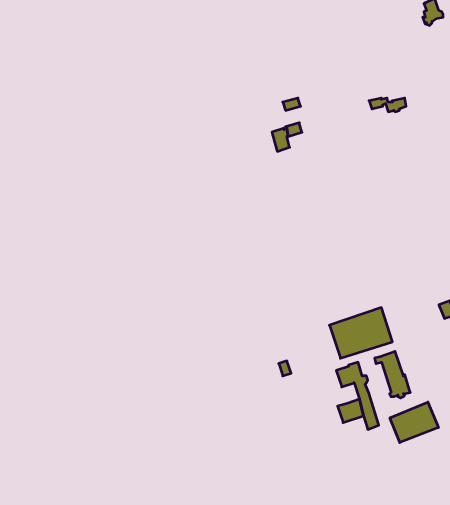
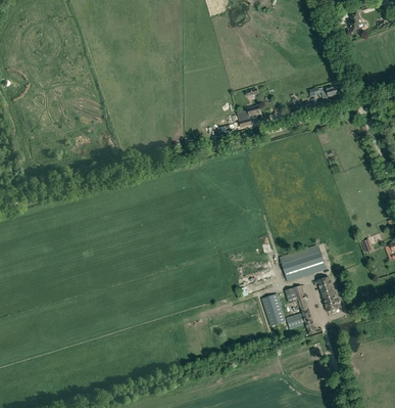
building: none -> [261,294,286,326]
building: [390,402,438,443] -> none

